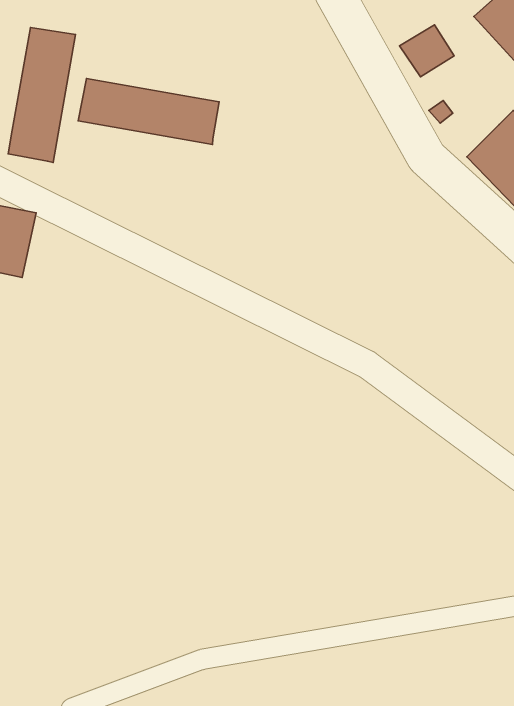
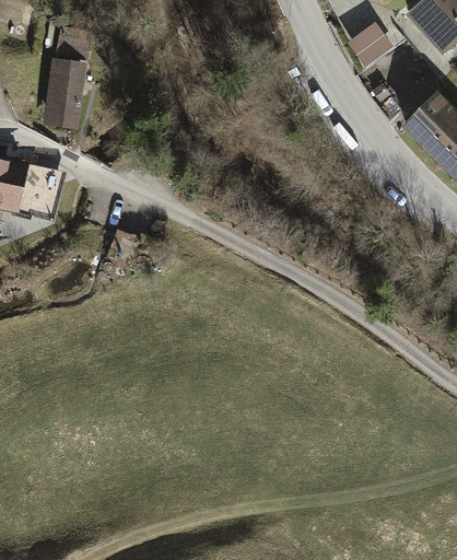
building: [78,79,219,144] -> none

